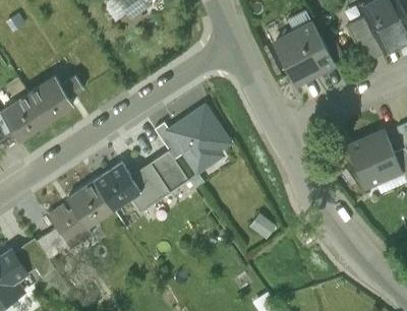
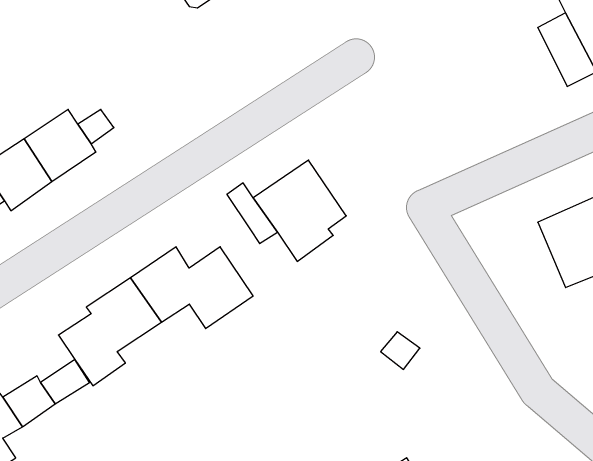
building: [275,22,335,84] -> none
building: [150,150,188,192] -> none

